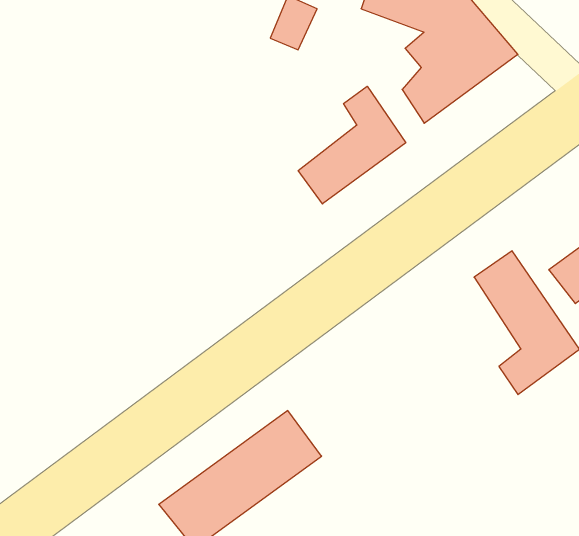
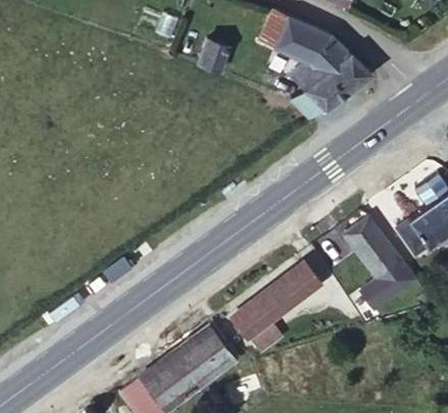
building: [298,86,406,204] -> none
building: none -> [232,268,318,342]

